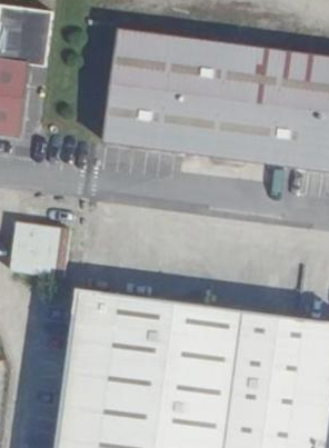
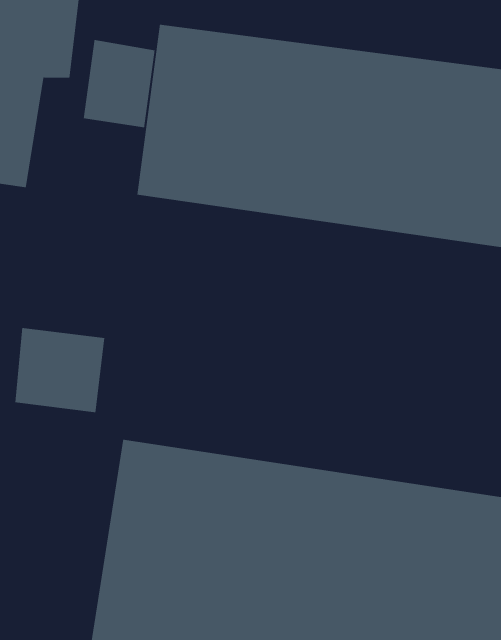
building: none -> [83,39,155,128]

